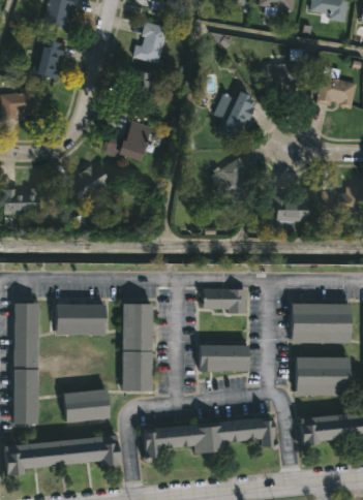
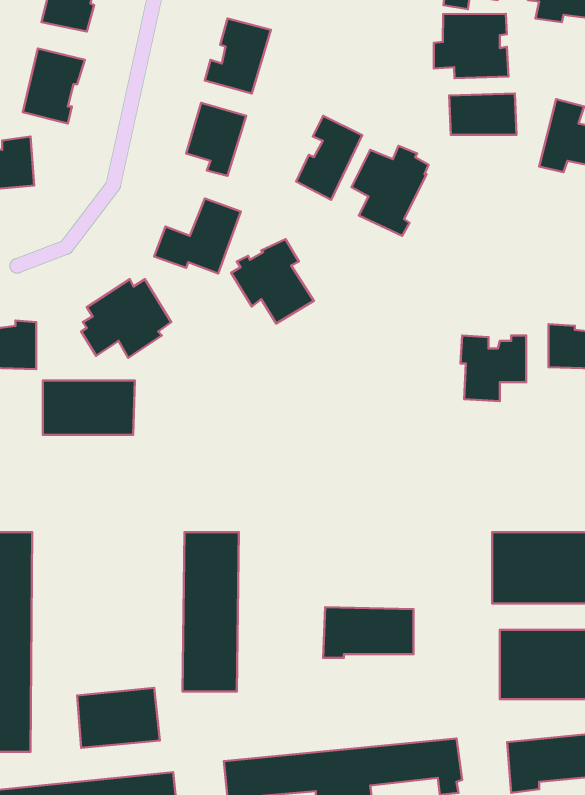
building: none -> [434,14,508,78]
building: none -> [296,116,362,200]
building: [211,157,256,204] -> [231,239,314,323]
building: [204,288,246,313] -> none
building: [55,305,105,335] -> [43,380,135,435]

